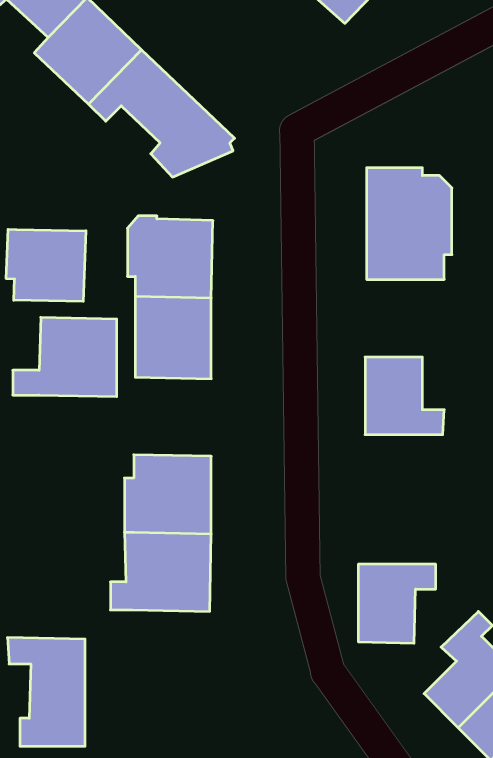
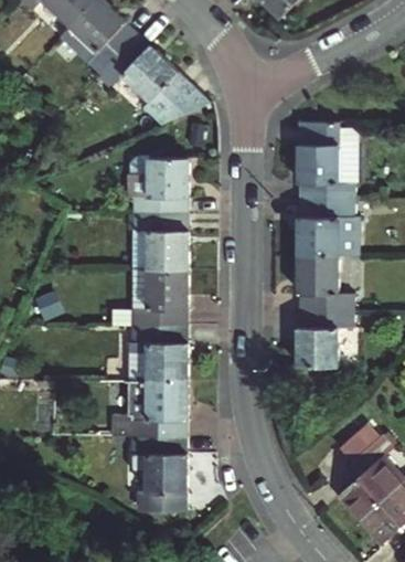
building: [6,229,86,301] -> none
building: none -> [296,201,355,256]
building: [13,317,117,397] -> [113,271,186,327]
building: [358,564,436,643] -> [296,311,351,368]
building: [7,638,85,746] -> [130,436,185,513]

